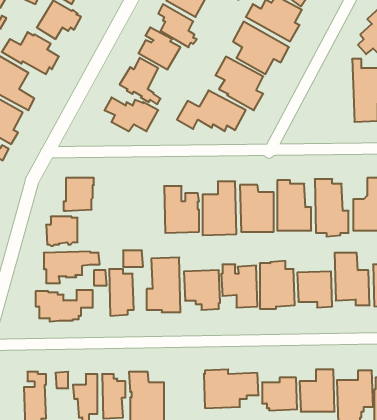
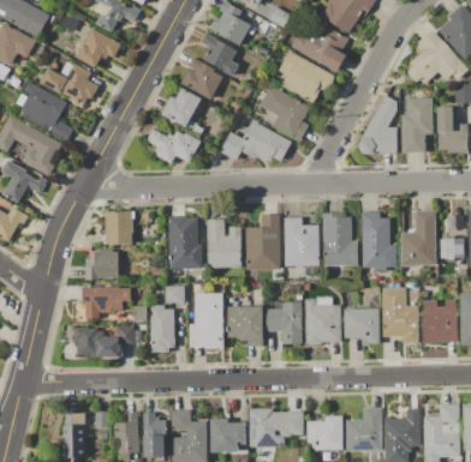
building: none -> [358,95,398,154]
building: none -> [168,216,202,269]
building: none -> [209,419,248,455]

